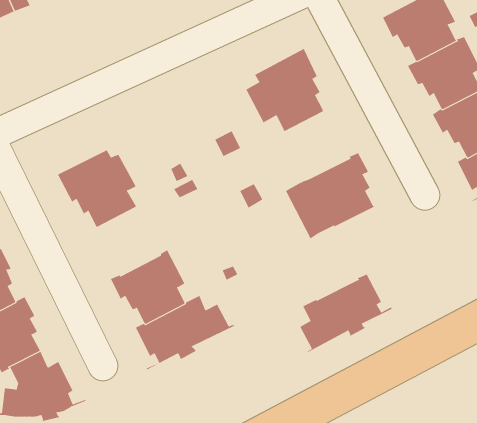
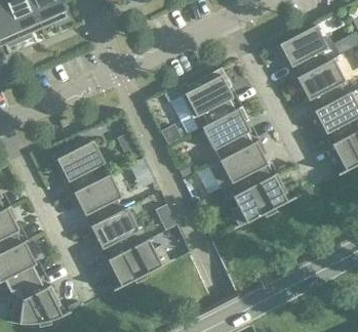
building: none -> [201,105,253,159]
building: none -> [70,172,121,224]
building: [299,274,392,353] -> [230,172,294,227]

